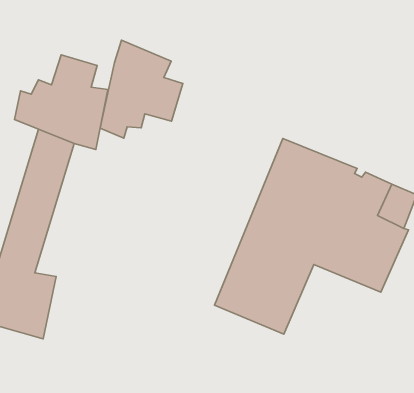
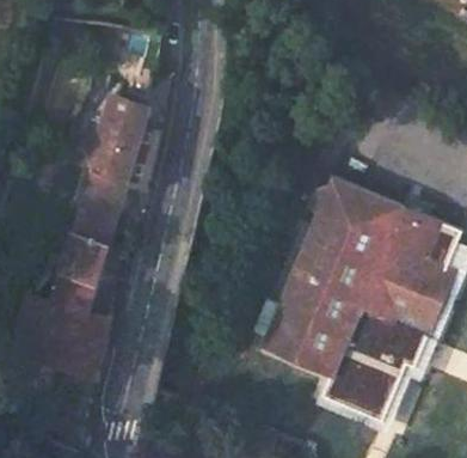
building: [100,40,183,138] -> none
building: none -> [324,303,429,419]

